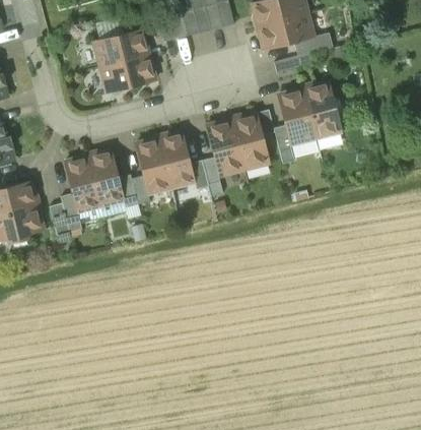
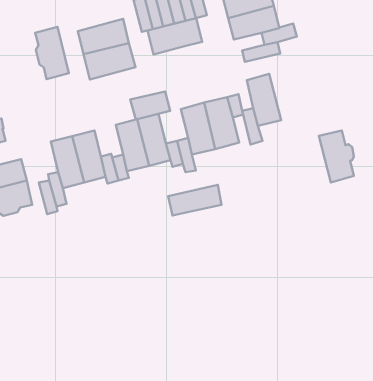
building: none -> [147,18,202,54]
building: none -> [35,27,69,79]
building: [302,81,341,138] -> [319,130,354,182]
building: none -> [130,91,170,120]
building: none -> [168,185,221,216]

